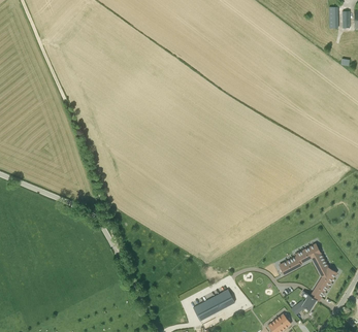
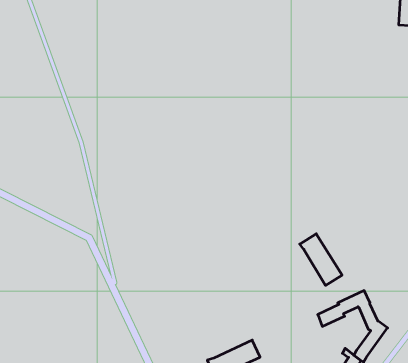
building: none -> [300,234,342,285]

